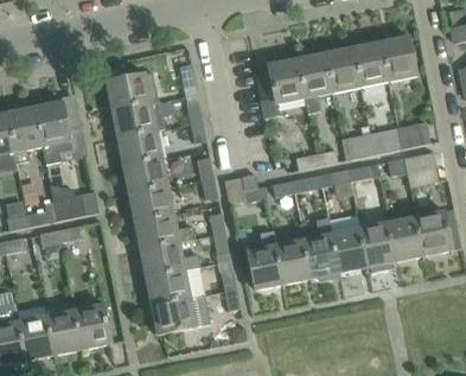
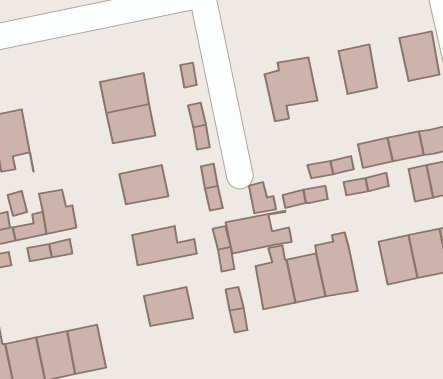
building: [352,42,388,87] -> none
building: [296,53,332,113] -> none
building: [34,101,71,164] -> none
building: [117,130,162,166] -> none
building: [129,186,174,222] -> none
building: [333,228,369,273] -> none
building: [140,238,200,278] -> [226,211,292,253]
building: [152,295,210,334] -> none

